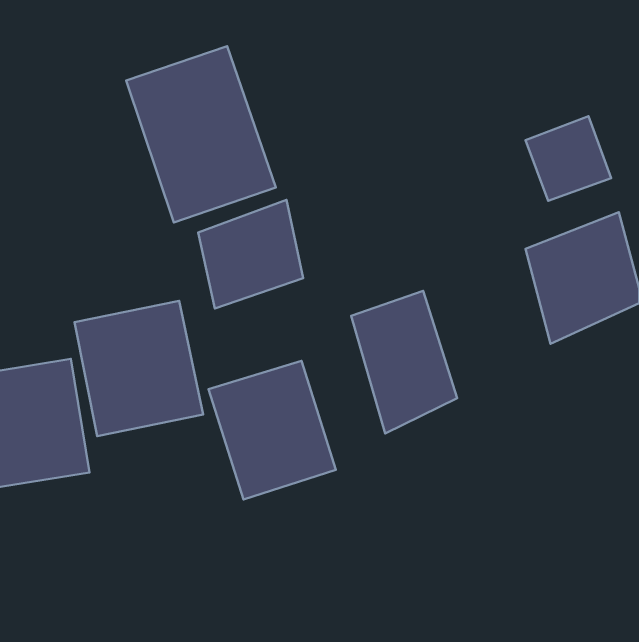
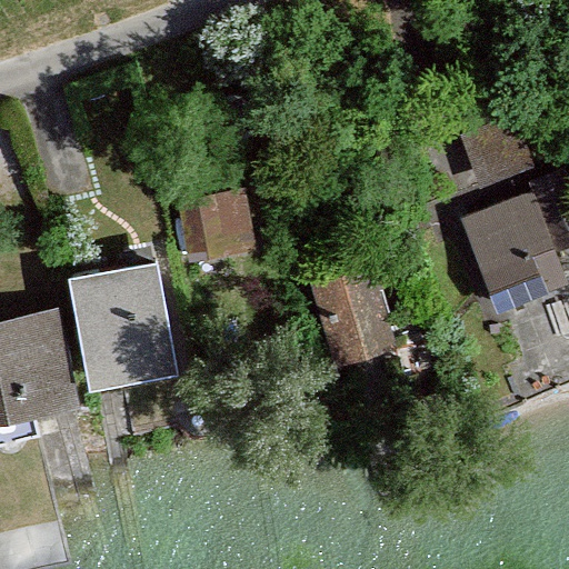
building: [126,46,276,223] -> none
building: [209,361,336,499] -> none

